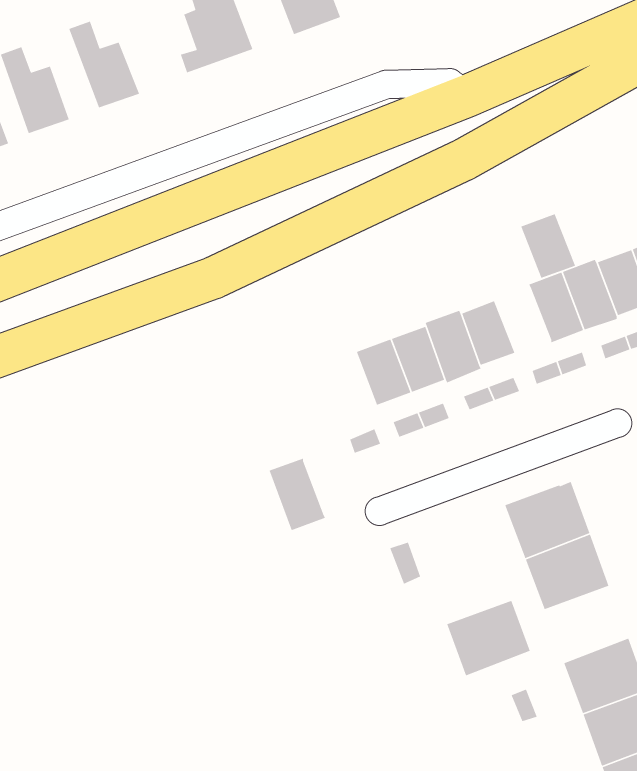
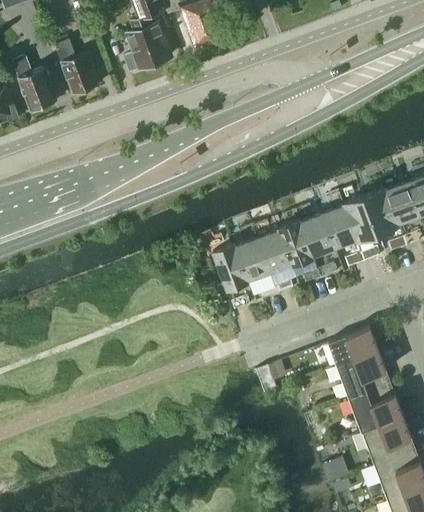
building: [520,213,576,279] -> [322,206,357,247]
building: [269,458,326,531] -> [213,244,249,290]
building: [446,600,531,677] -> [353,393,406,441]

